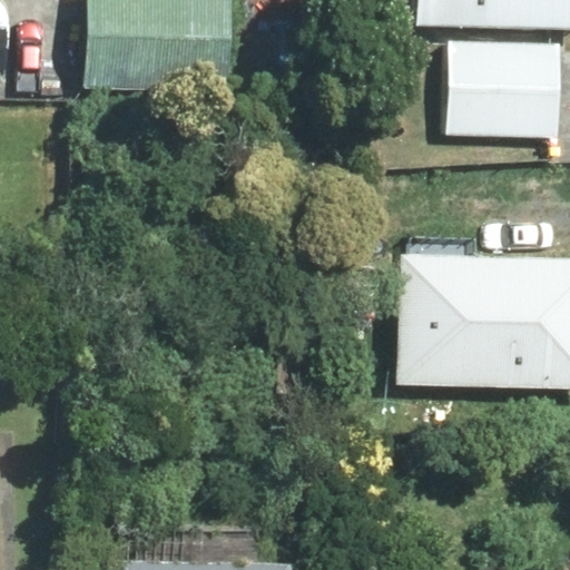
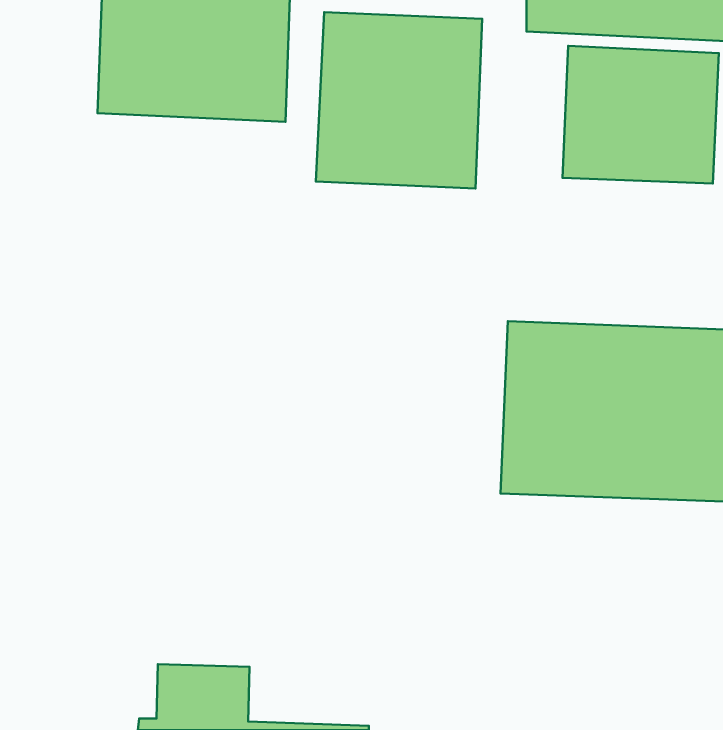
building: none -> [316,12,482,189]

